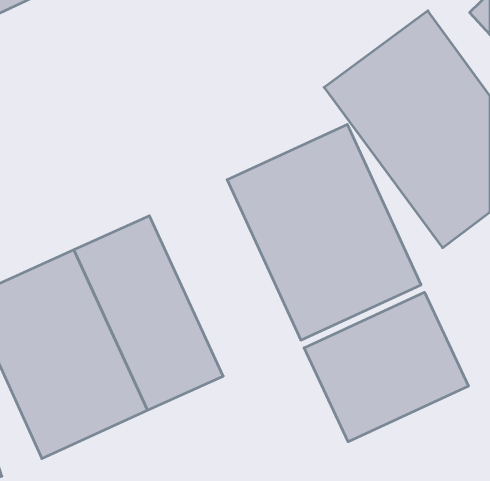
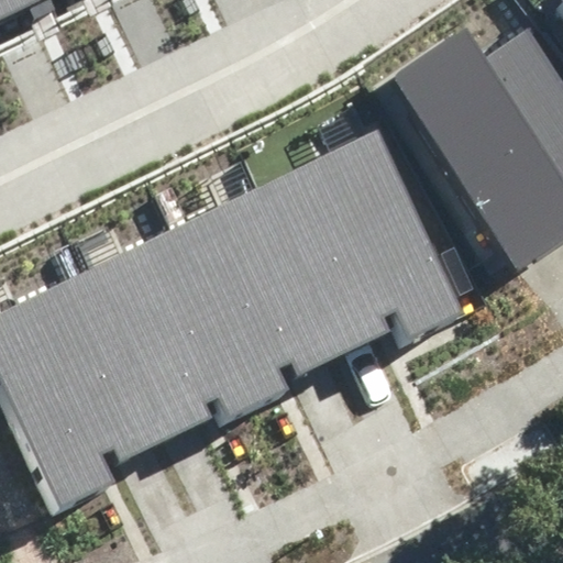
building: none -> [169,203,341,426]
building: [304,292,468,442] -> none

